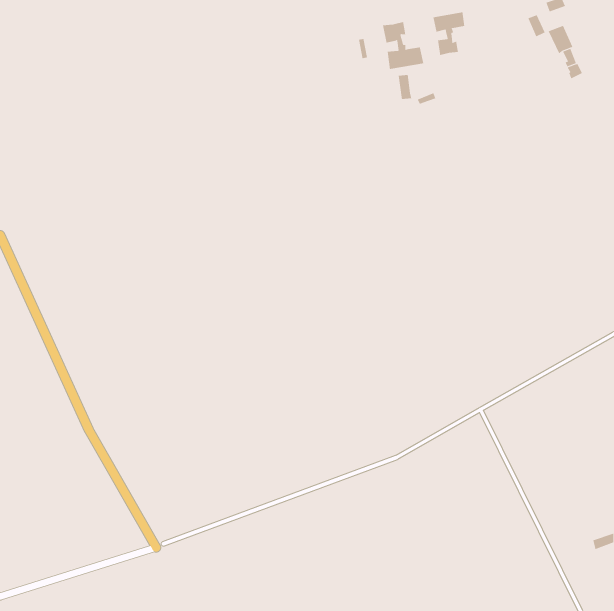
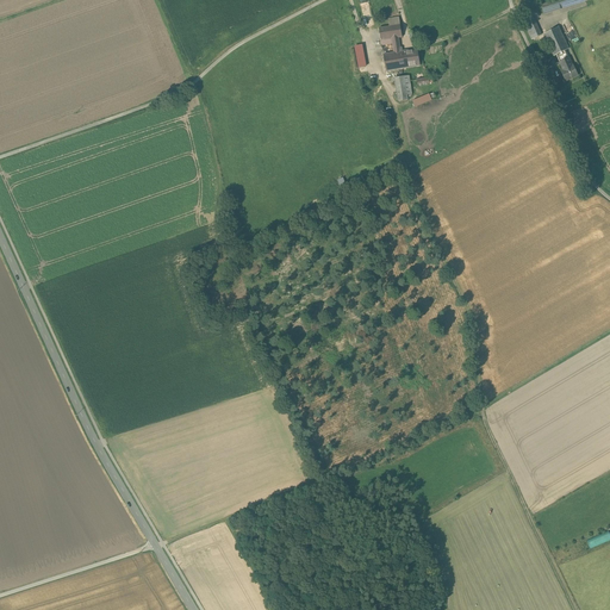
building: [433,12,465,56] -> none

